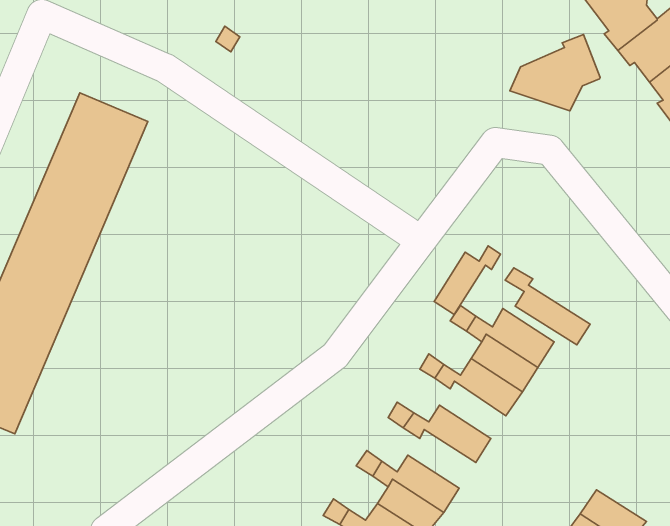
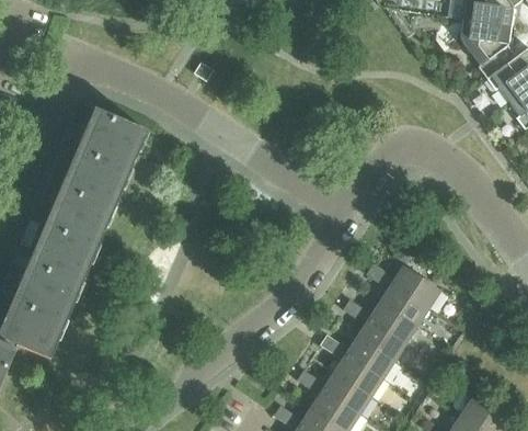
building: [510,34,600,111] -> none
building: [434,246,500,315] -> none
building: [505,268,590,345] -> none
building: none -> [357,319,405,361]
building: none -> [334,354,383,397]

